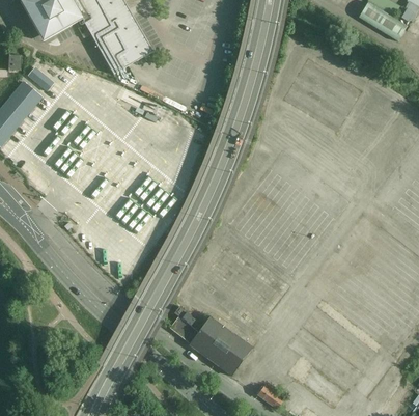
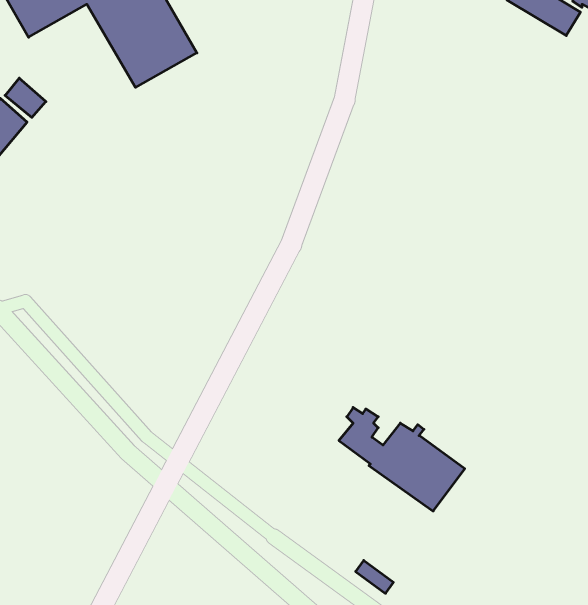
building: [170,305,253,373] -> [339,407,465,511]

